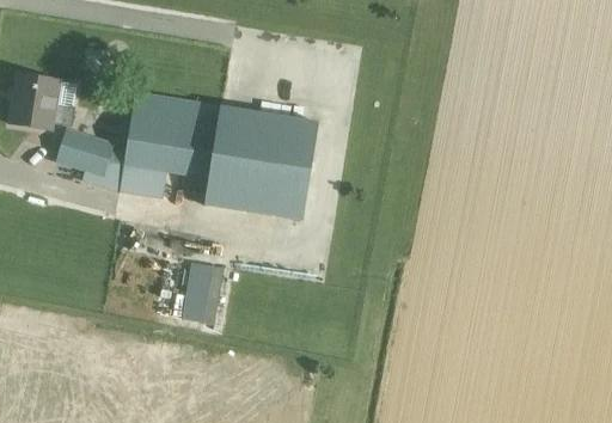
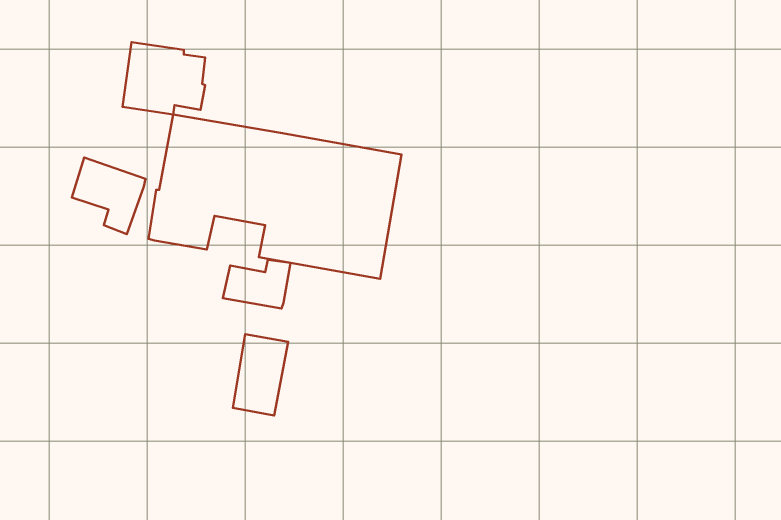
building: [12,73,76,129] -> [122,42,205,114]
building: none -> [223,260,290,309]

